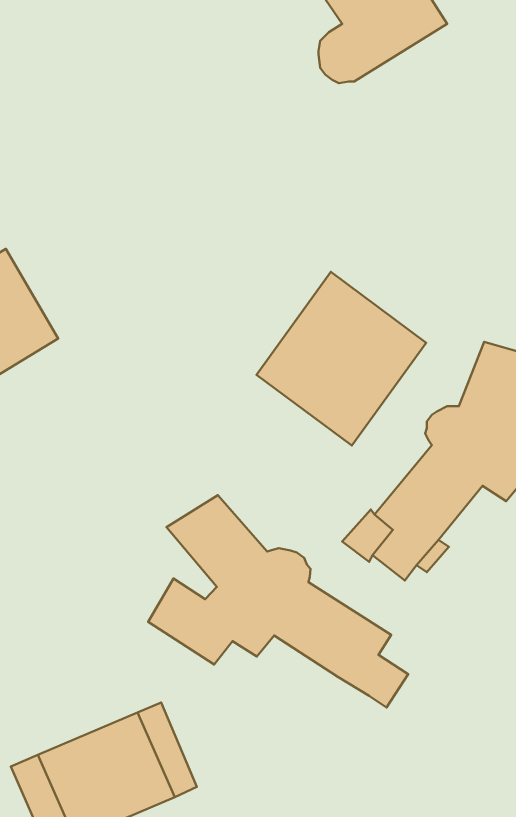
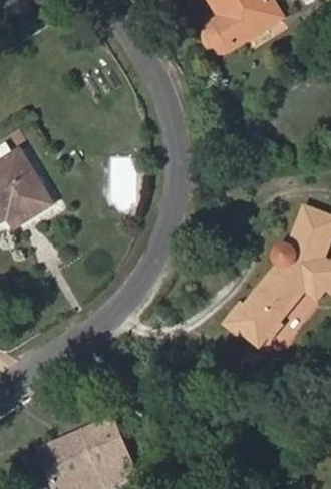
building: [257,272,426,446] -> none
building: [148,495,408,708] -> none

